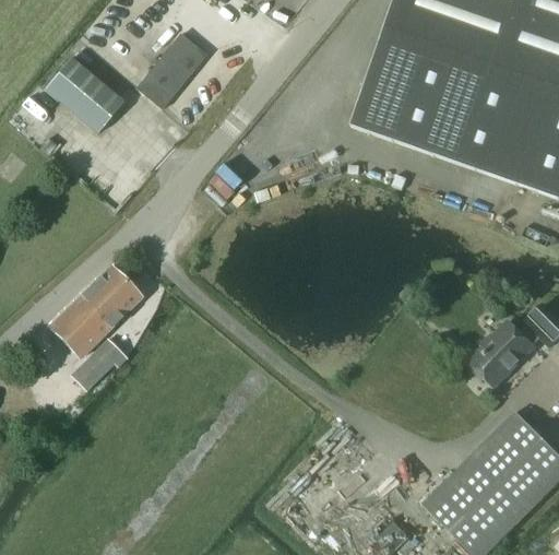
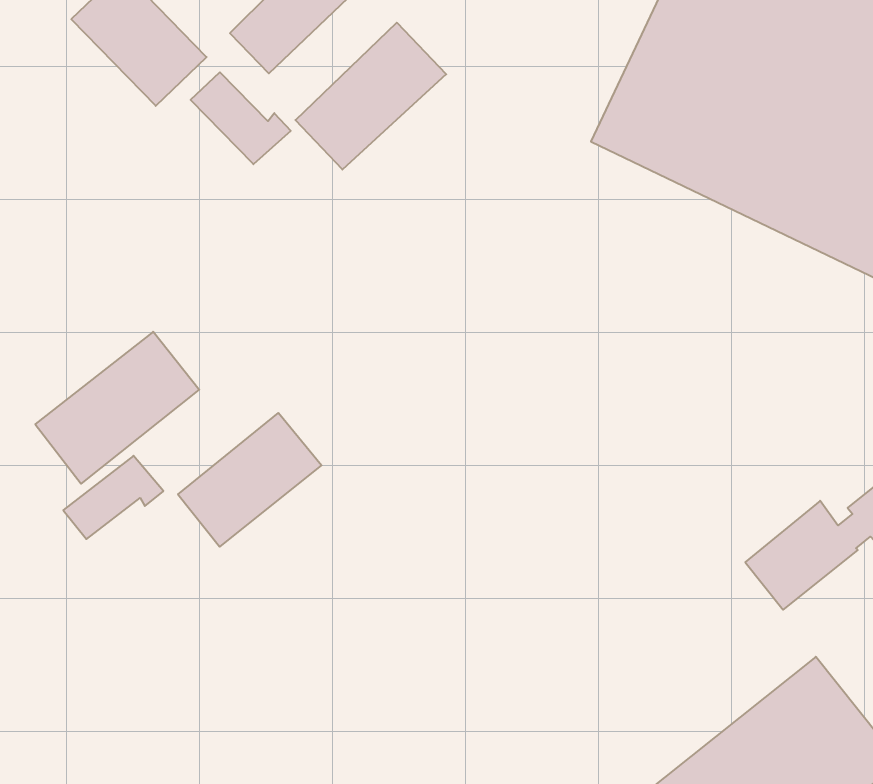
building: none -> [295,23,446,170]
building: none -> [191,72,291,164]
building: none -> [178,413,322,547]

